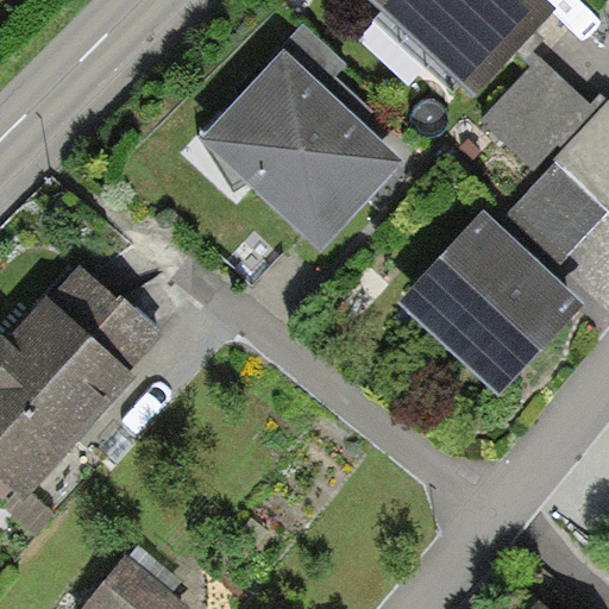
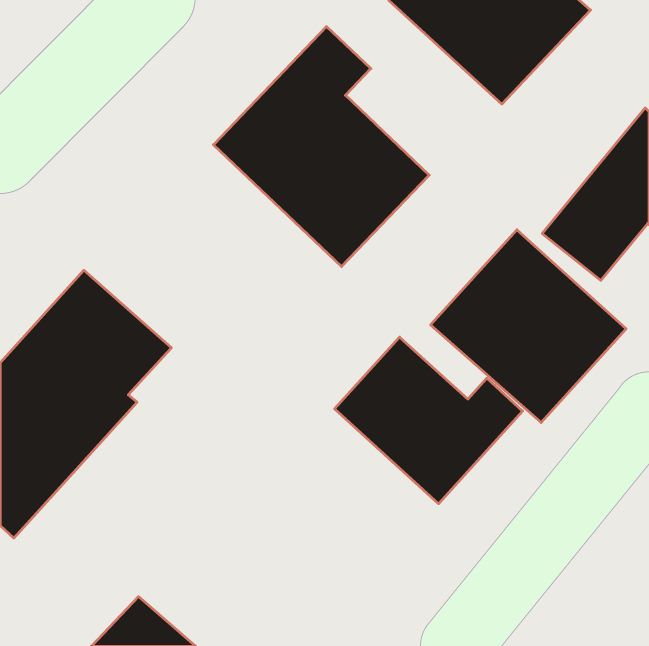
building: [482,58,594,171] -> none
building: none -> [335,337,523,504]

